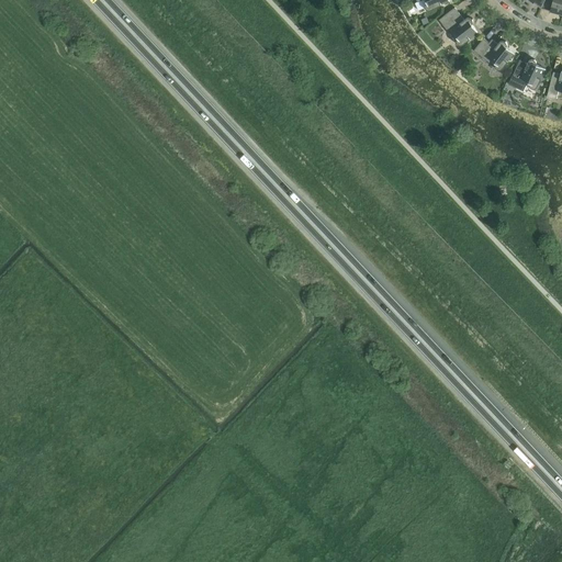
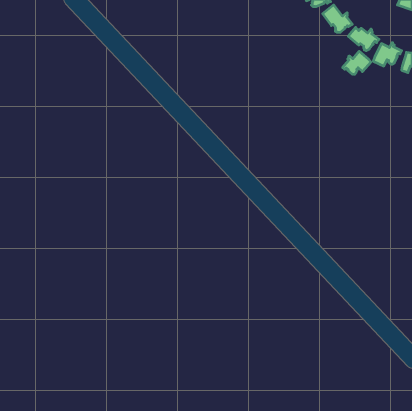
building: none -> [343,51,371,74]

